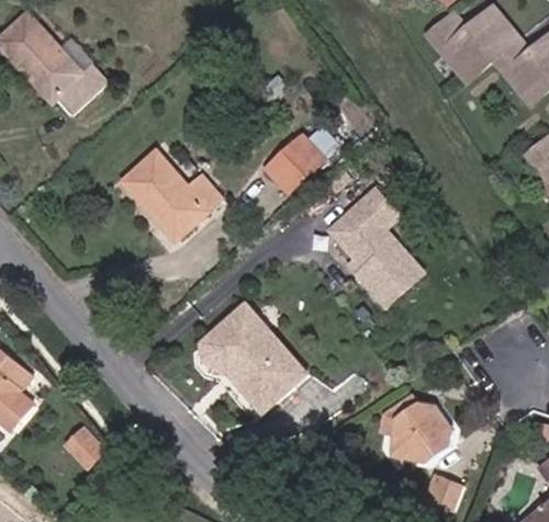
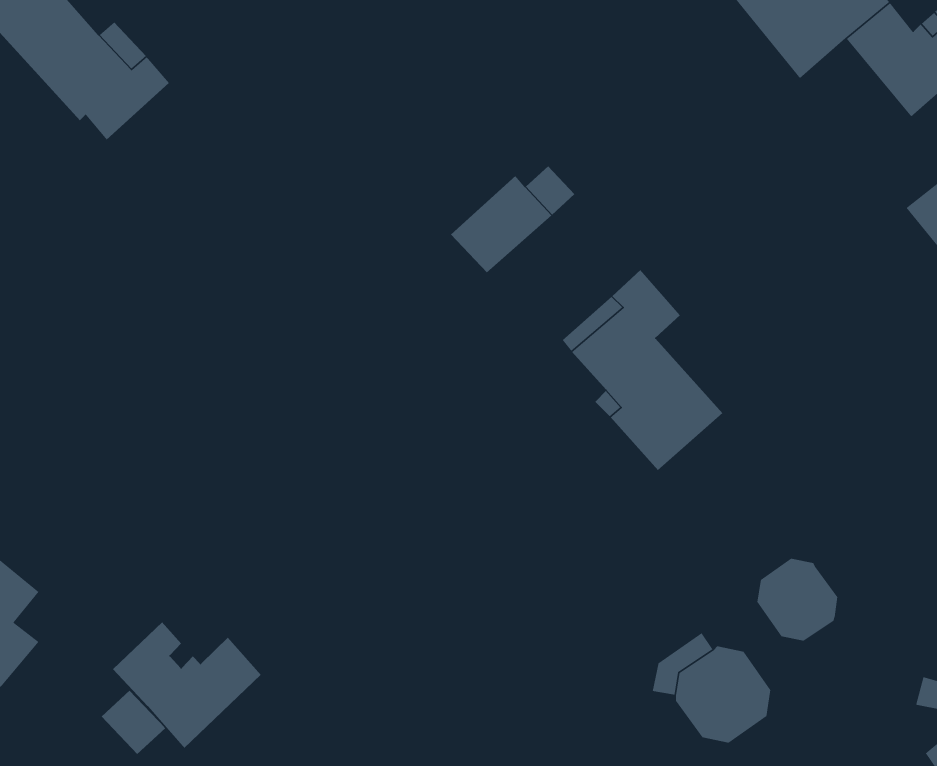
building: [122,151,221,239] -> none
building: [206,305,311,412] -> none
building: none -> [757,558,838,641]
building: none -> [112,622,261,749]

